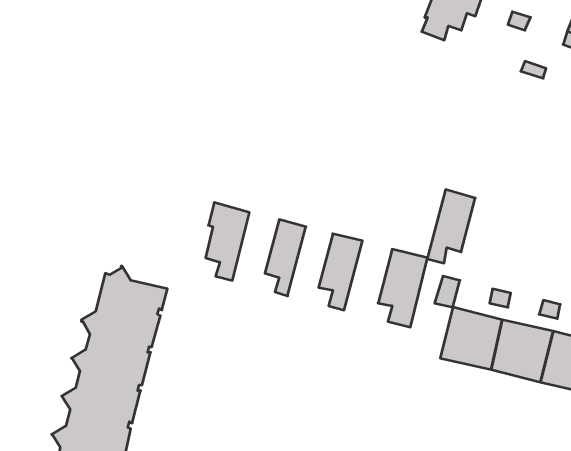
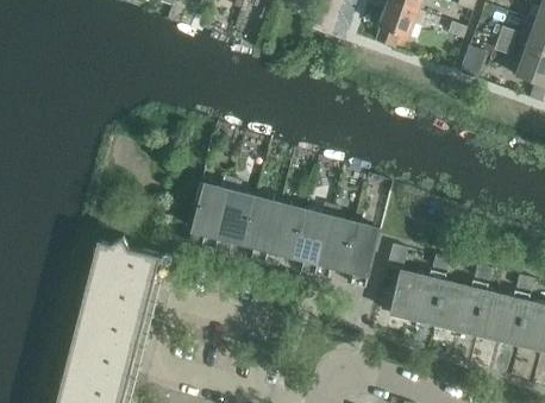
building: [427,190,475,263] -> [309,214,350,276]
building: none -> [215,190,255,251]
building: none -> [262,202,300,263]

